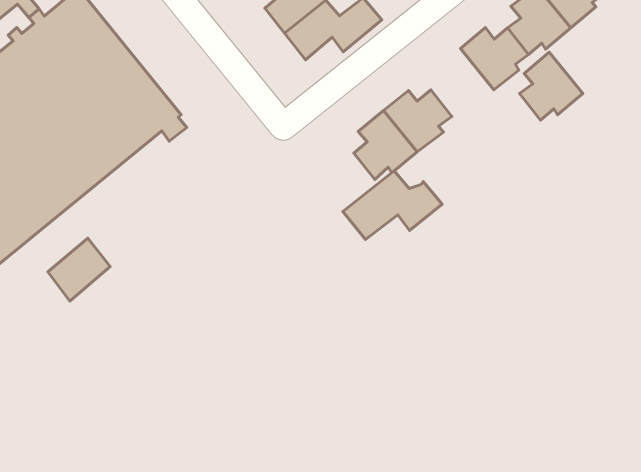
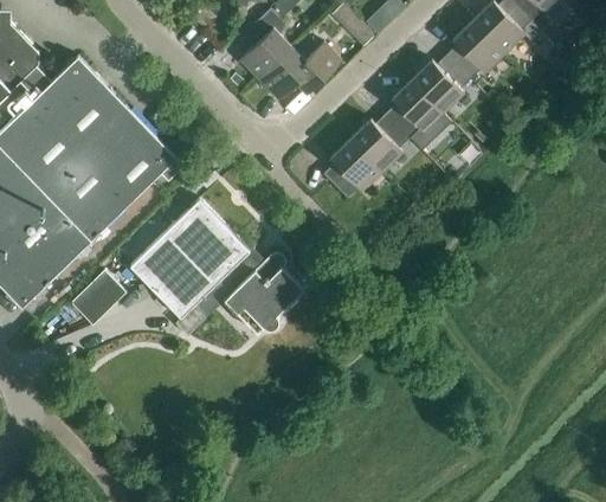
building: [519,52,583,120] -> [388,79,443,139]
building: none -> [129,199,302,329]
building: [343,171,442,240] -> none

